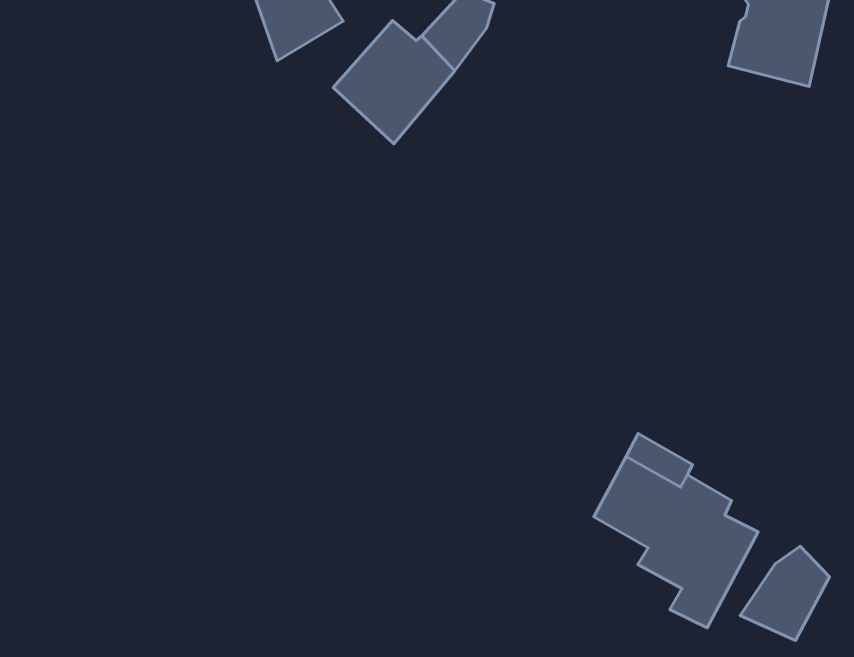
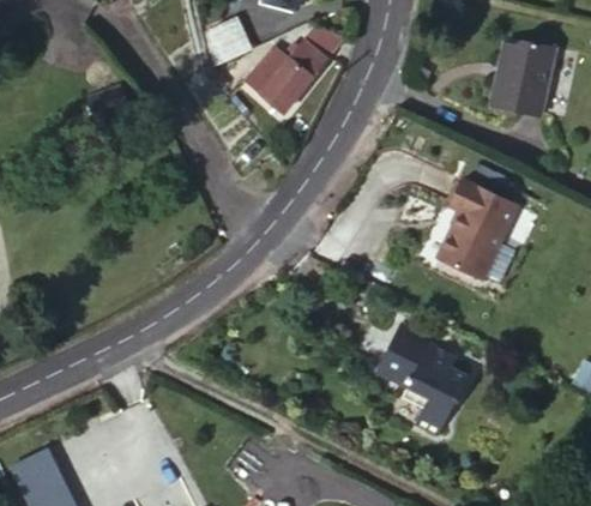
building: none -> [452,174,537,273]
building: [740,546,830,640] -> none

